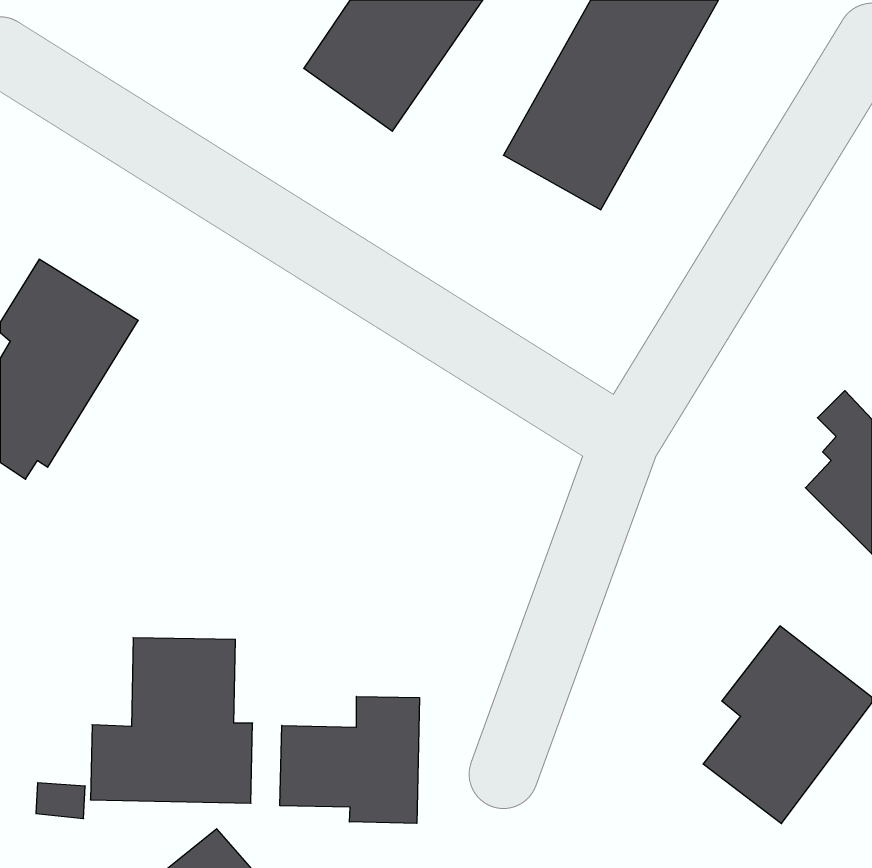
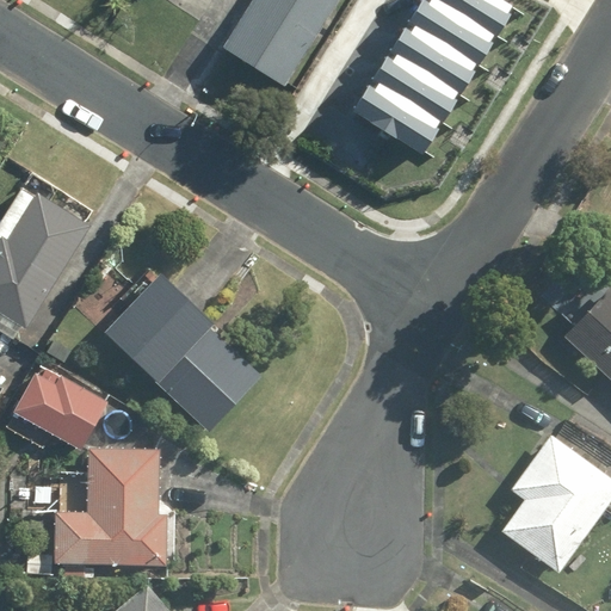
building: none -> [113,270,270,433]
building: none -> [20,371,117,450]
building: [280,696,419,823] -> none

